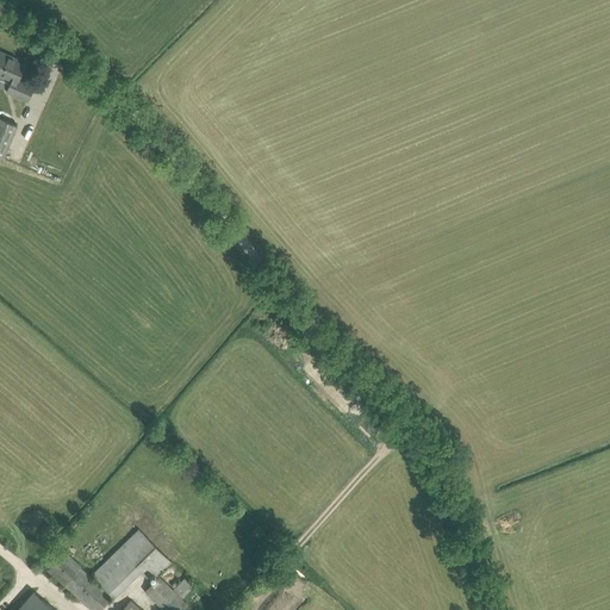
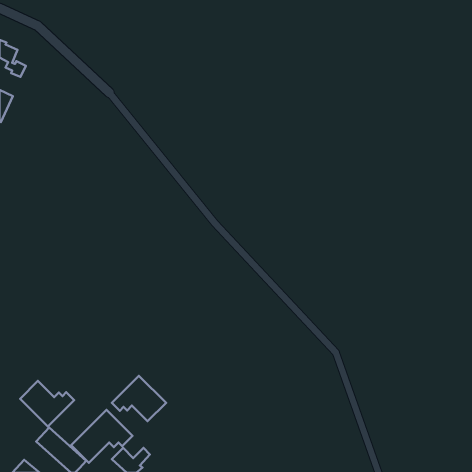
building: none -> [112,376,166,421]
building: none -> [20,381,74,427]

